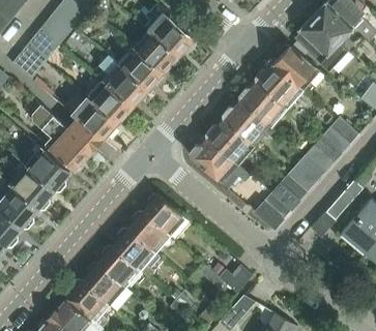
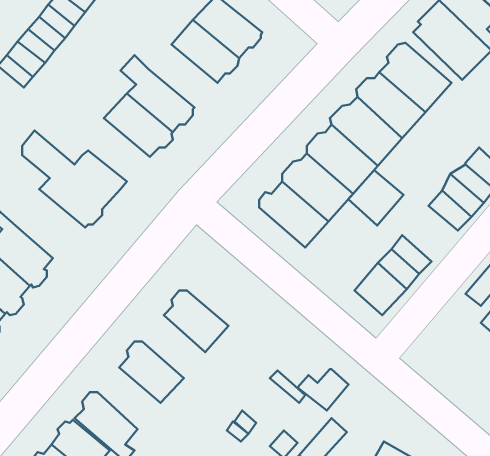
building: [117,46,164,88] -> none
building: [71,95,118,138] -> none
building: [28,147,69,190] -> none
building: [288,154,325,191] -> [348,170,403,225]
building: [143,193,185,235] -> none
building: [113,228,155,270] -> none
building: [83,263,125,304] -> none

